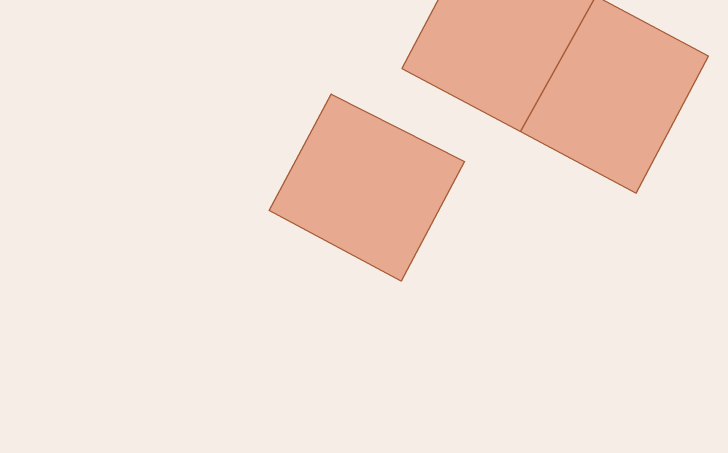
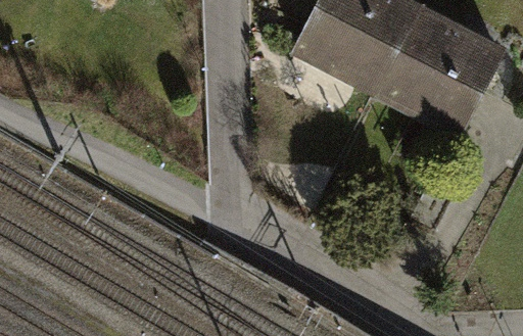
building: [269,94,465,281] -> none

